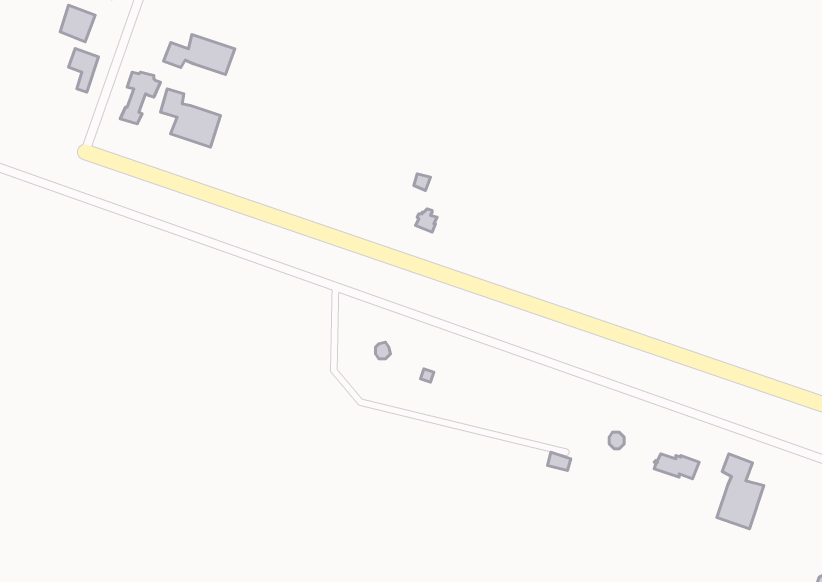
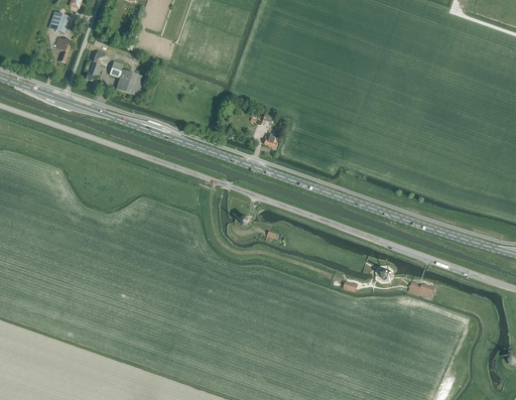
building: [163,34,235,75] -> none
building: [717,454,764,529] -> none

